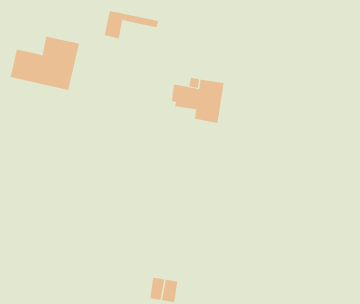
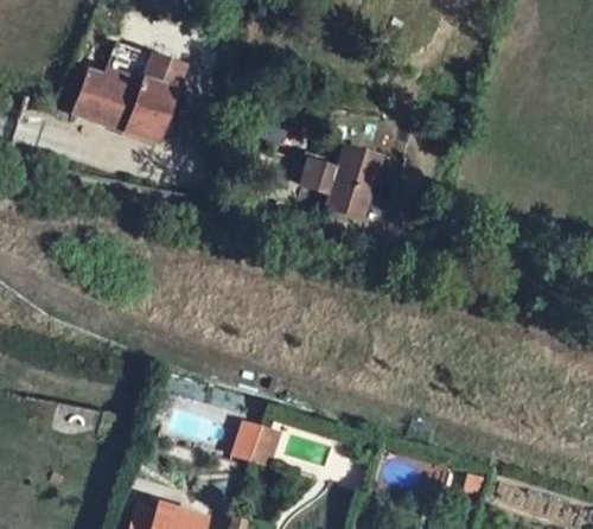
building: [104,10,159,39] -> [104,45,185,88]

